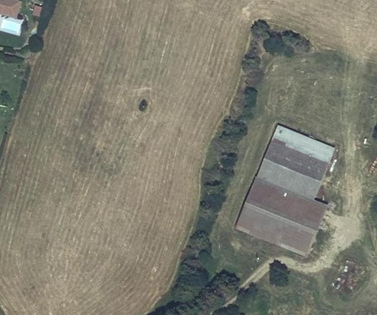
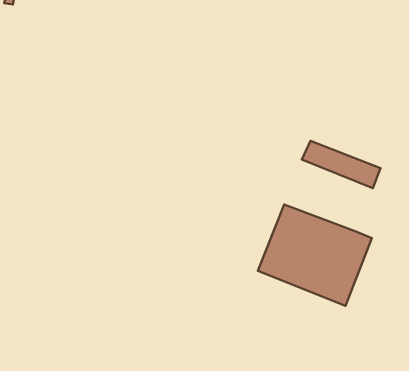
building: [257,140,328,198] -> none

